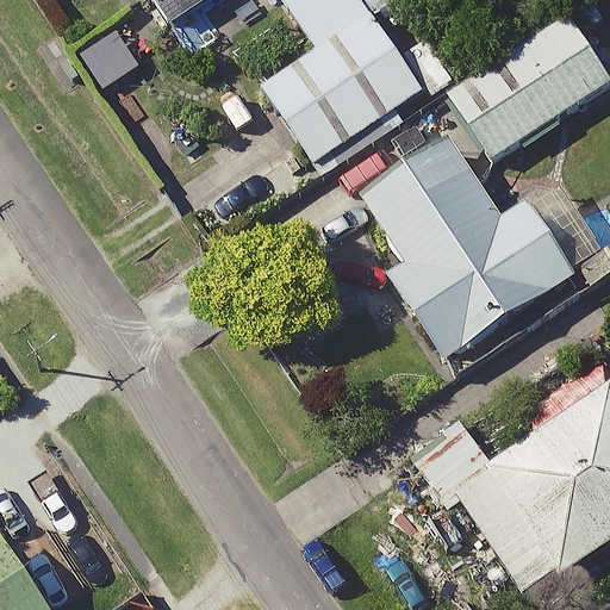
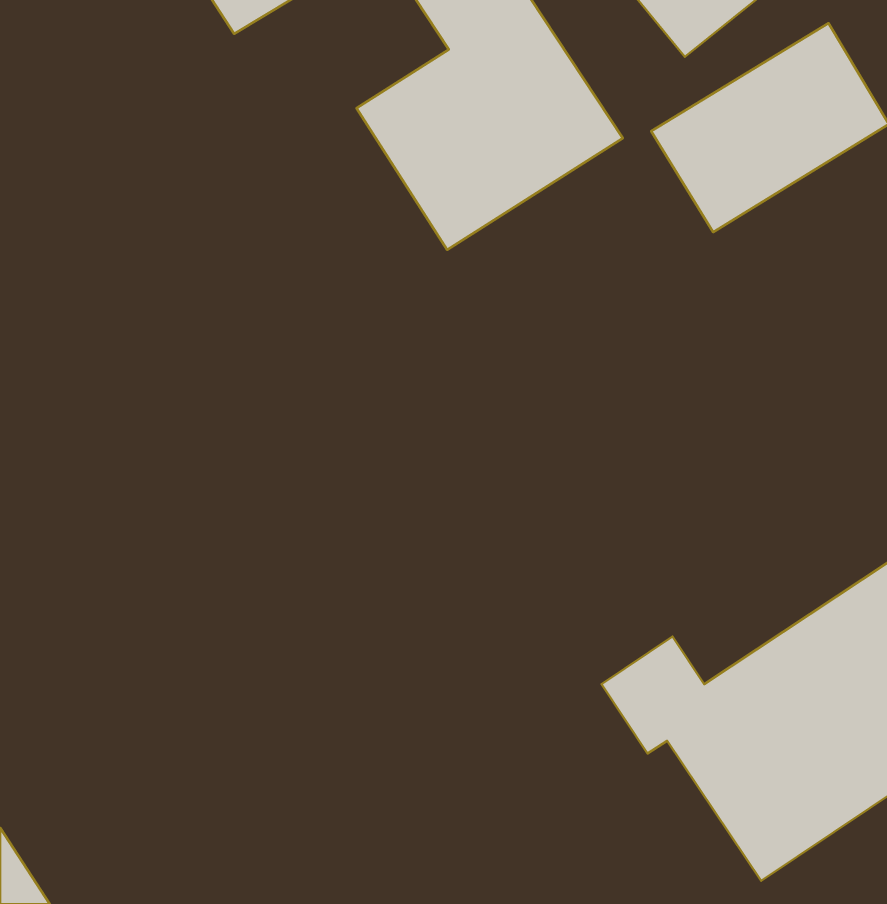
building: [360,136,572,357] -> none

